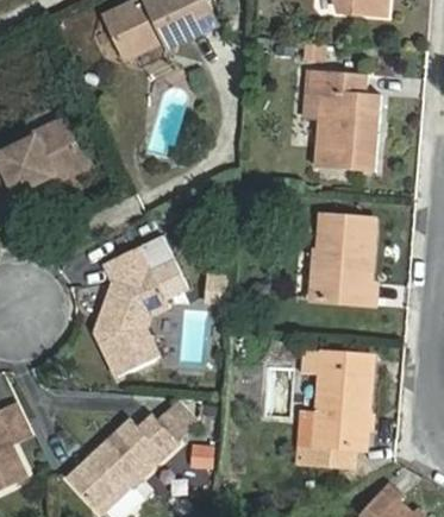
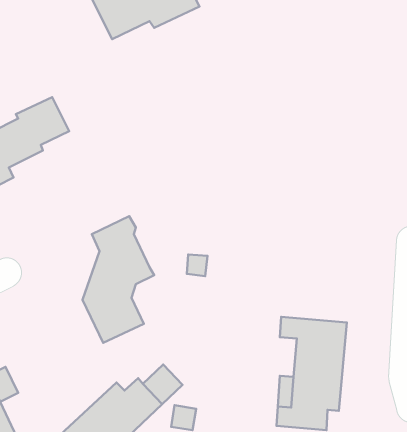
building: [302,69,381,171] -> none
building: [309,215,374,303] -> none
building: [143,235,186,297] -> none

